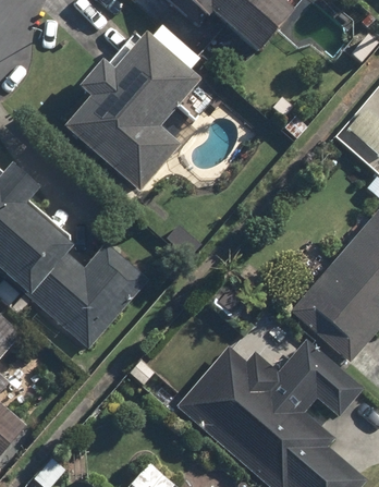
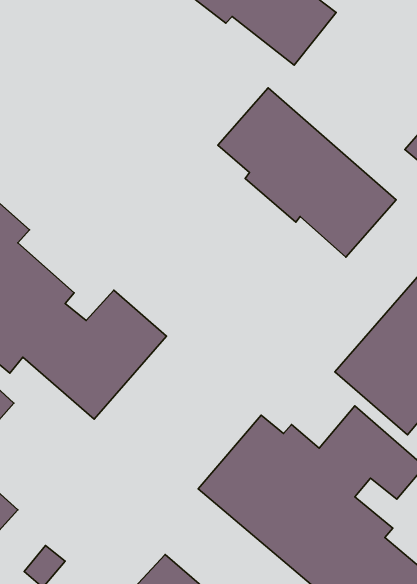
building: [61,24,200,194] -> none
building: none -> [218,88,396,257]

